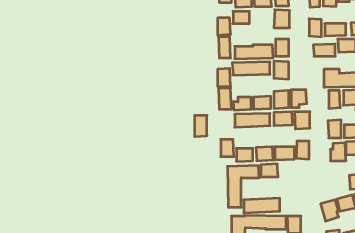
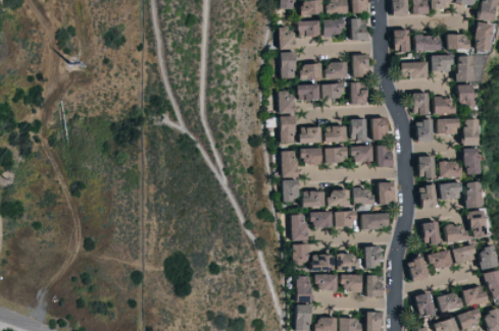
building: none -> [322,19,345,36]
building: [195,115,207,137] -> [283,152,298,178]
building: none -> [360,214,388,230]
building: none -> [422,222,442,244]
building: none -> [364,246,381,270]

